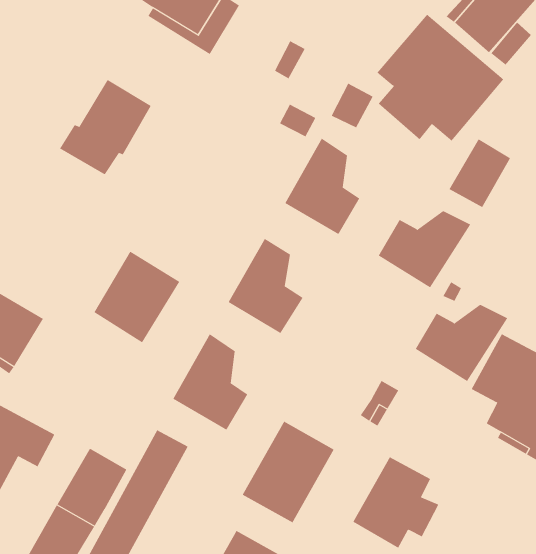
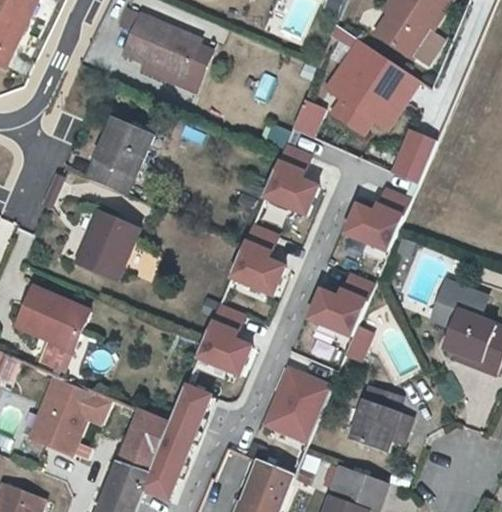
building: [93,251,180,343] -> [74,212,138,282]
building: [415,304,508,382] -> [304,276,373,337]

